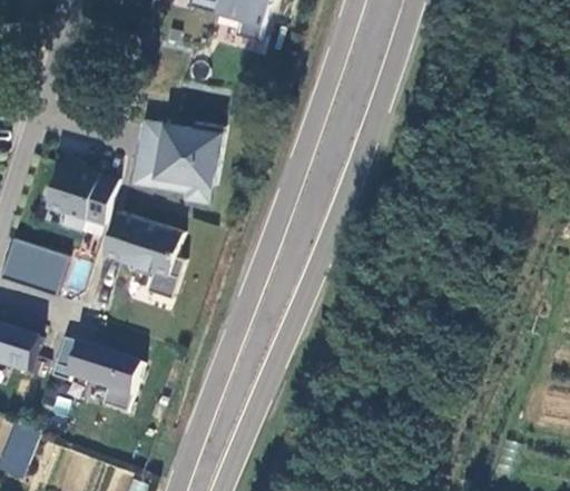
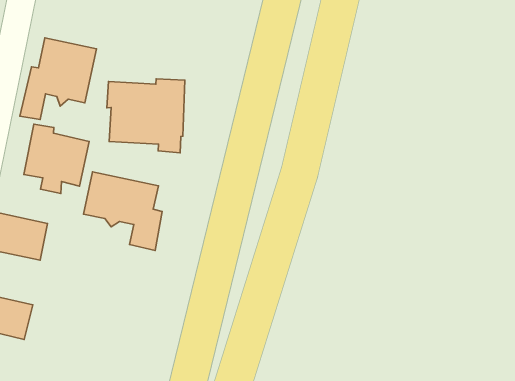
building: none -> [20,38,97,120]
building: [51,336,141,411] -> none

